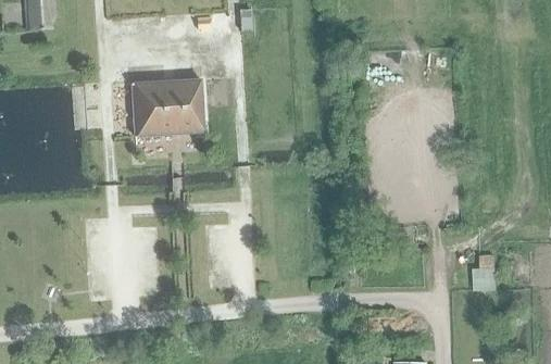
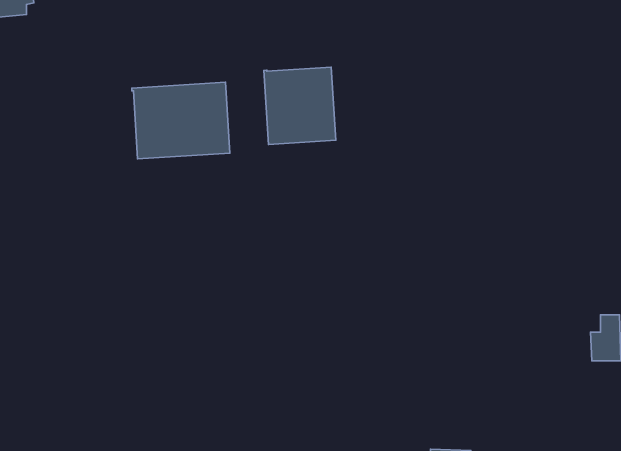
building: none -> [264,67,336,144]

